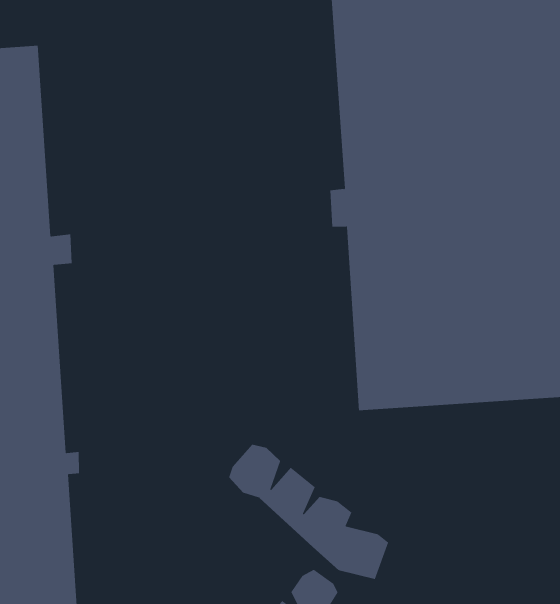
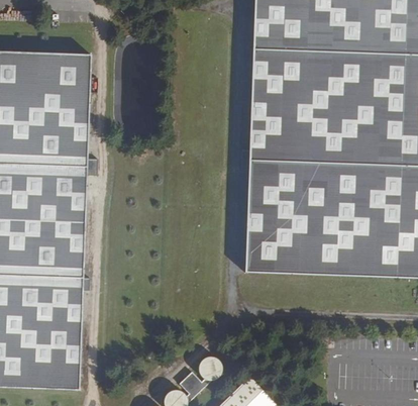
building: [228,444,389,580] -> none

